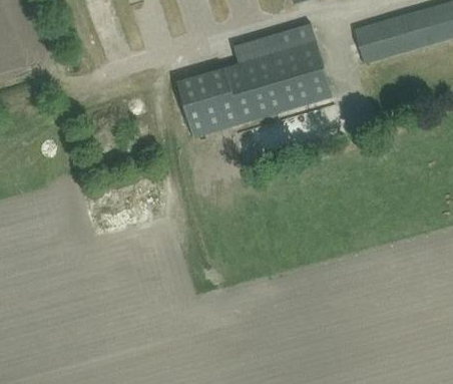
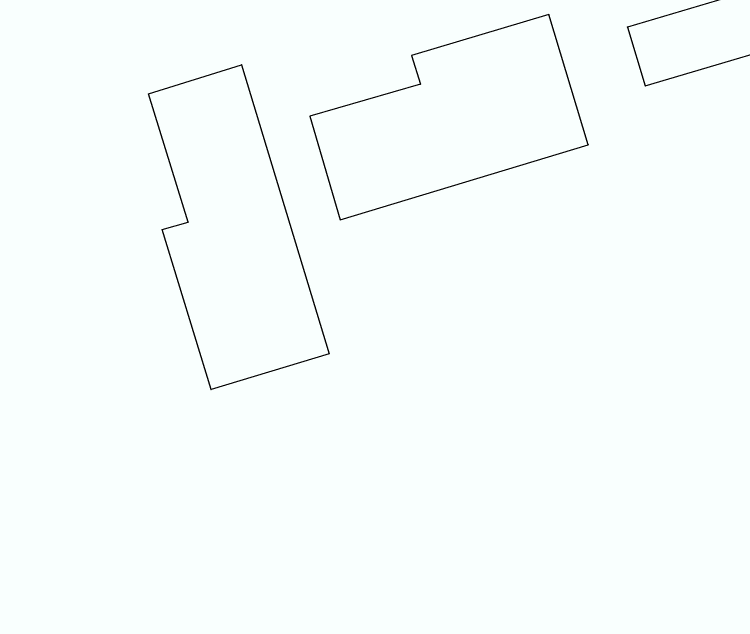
building: none -> [148,65,329,390]

